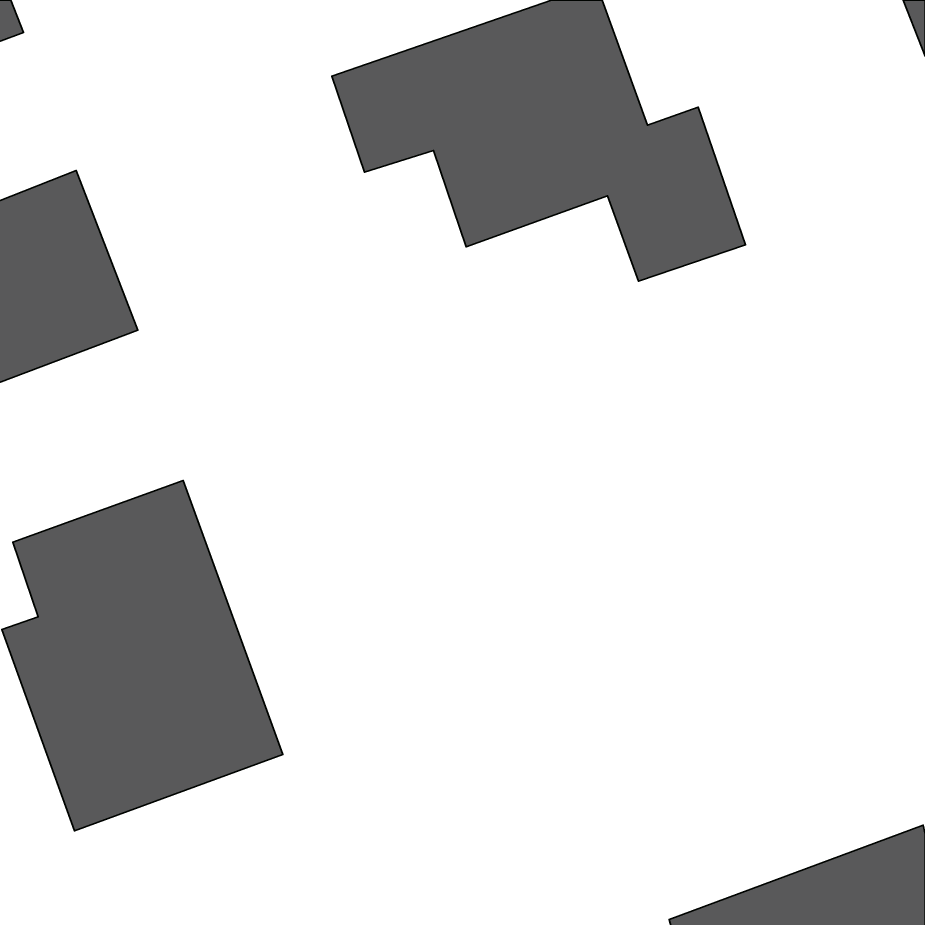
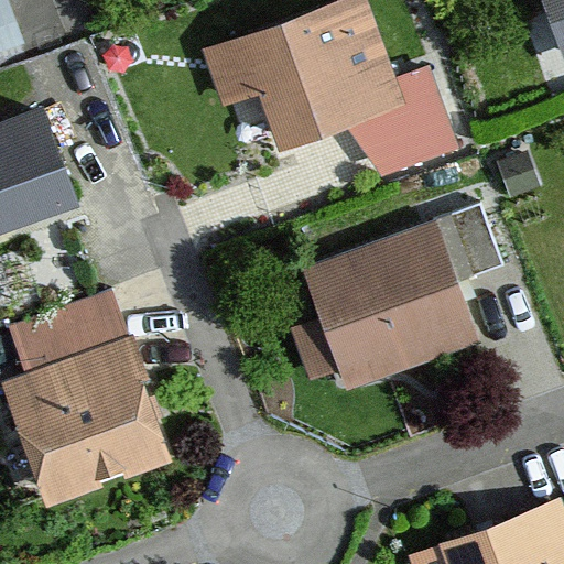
building: none -> [301,204,502,393]

